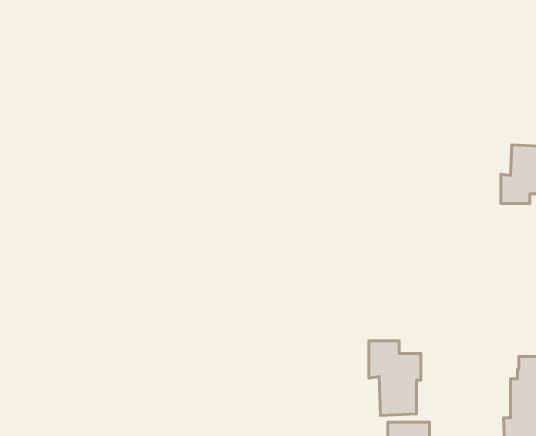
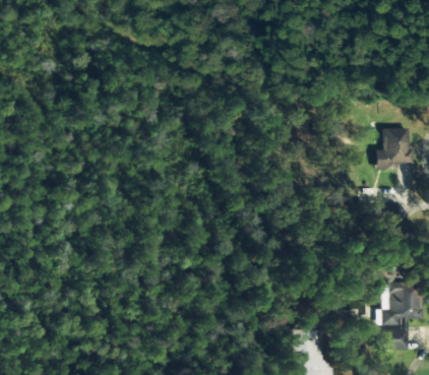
building: [369,341,421,416] -> none

